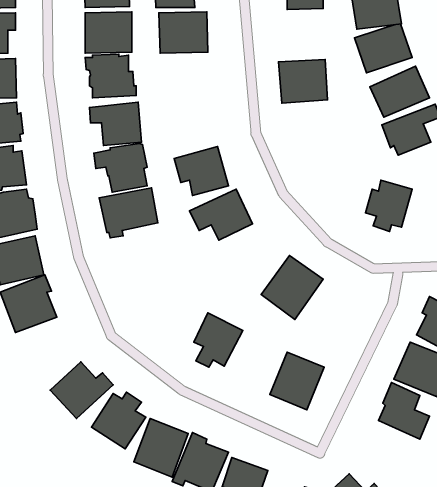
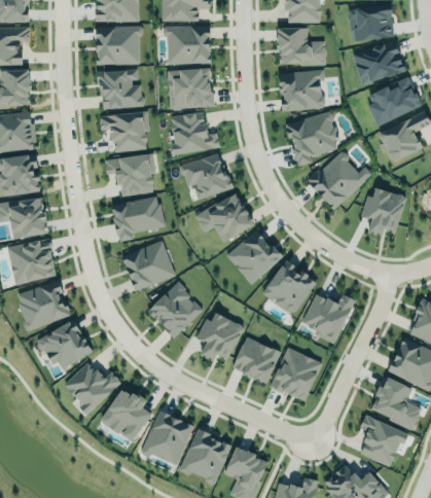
building: none -> [278,26,325,65]
building: none -> [167,66,213,109]
building: none -> [169,111,218,151]
building: none -> [287,113,336,166]
building: none -> [310,152,367,210]
building: none -> [226,229,282,285]
building: none -> [121,241,176,292]
building: none -> [148,283,204,339]
building: none -> [300,293,355,342]
building: none -> [38,319,94,374]
building: none -> [232,335,280,381]
building: none -> [360,416,406,468]

